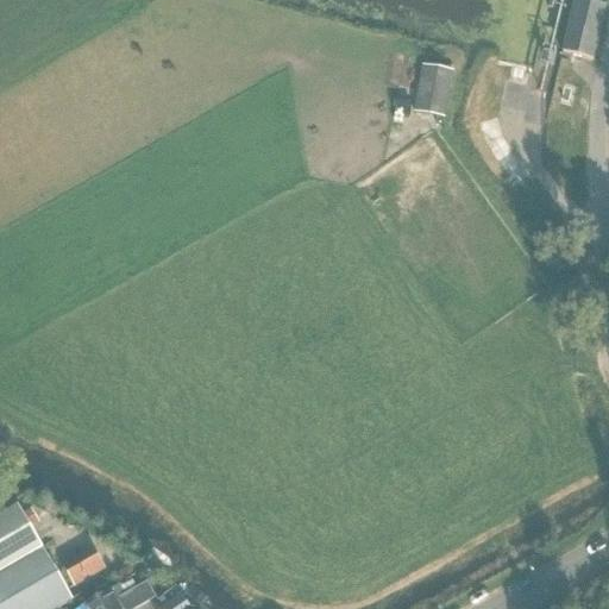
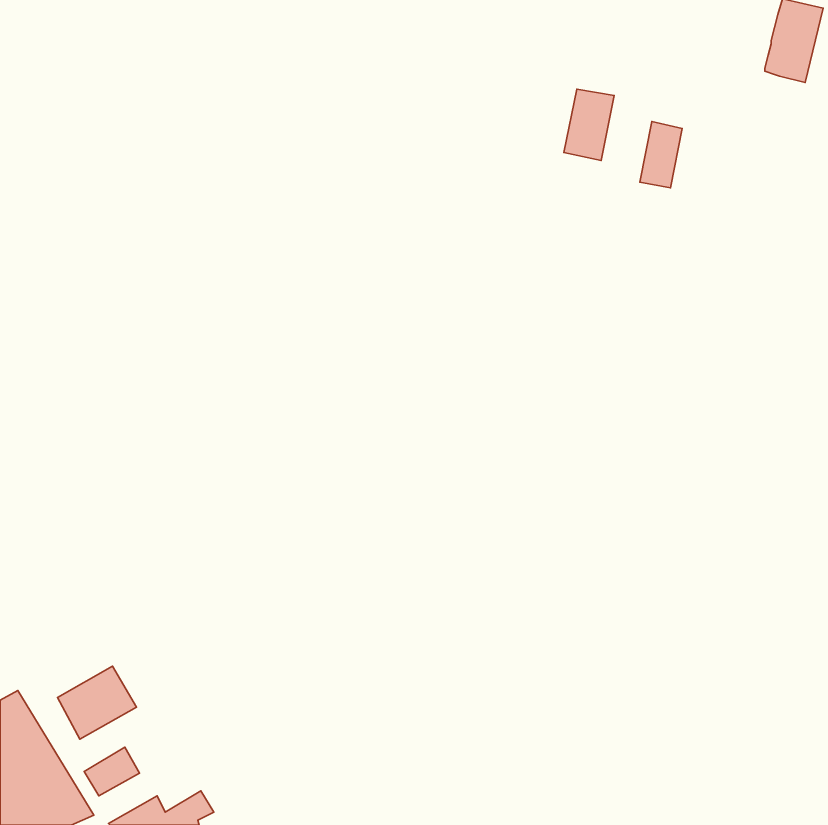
building: none -> [640,122,682,188]
building: none -> [57,666,136,739]

